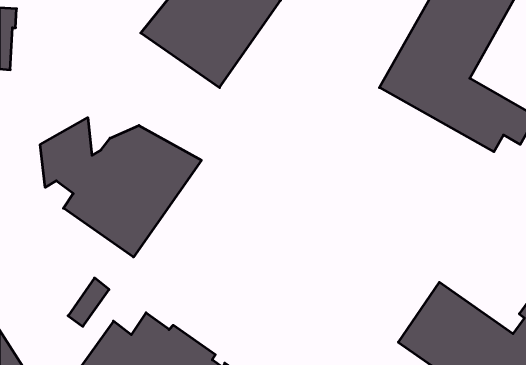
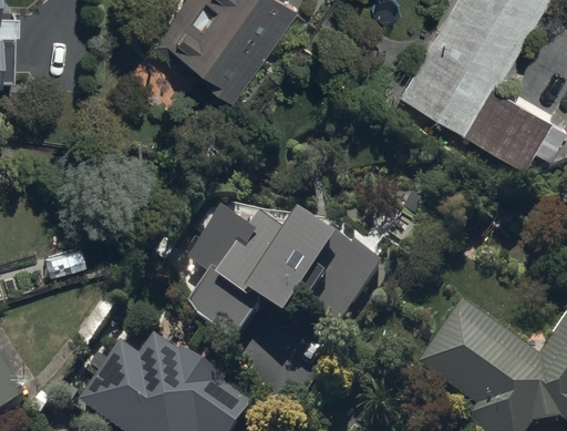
building: [40,118,201,257] -> none
building: none -> [187,211,381,339]

